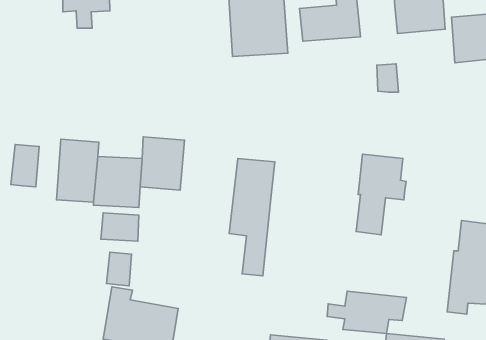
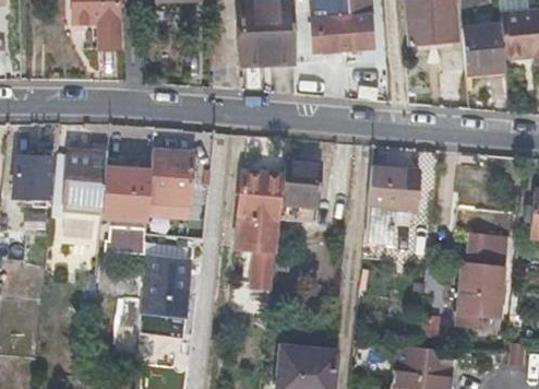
building: none -> [282,160,324,209]
building: none -> [144,254,189,315]
building: [327,291,406,334] -> none

